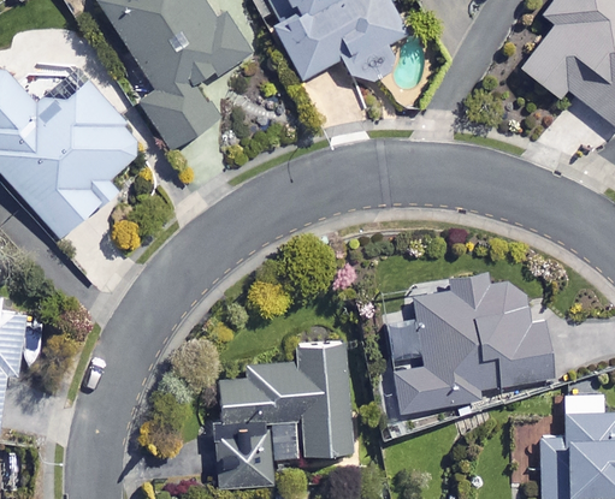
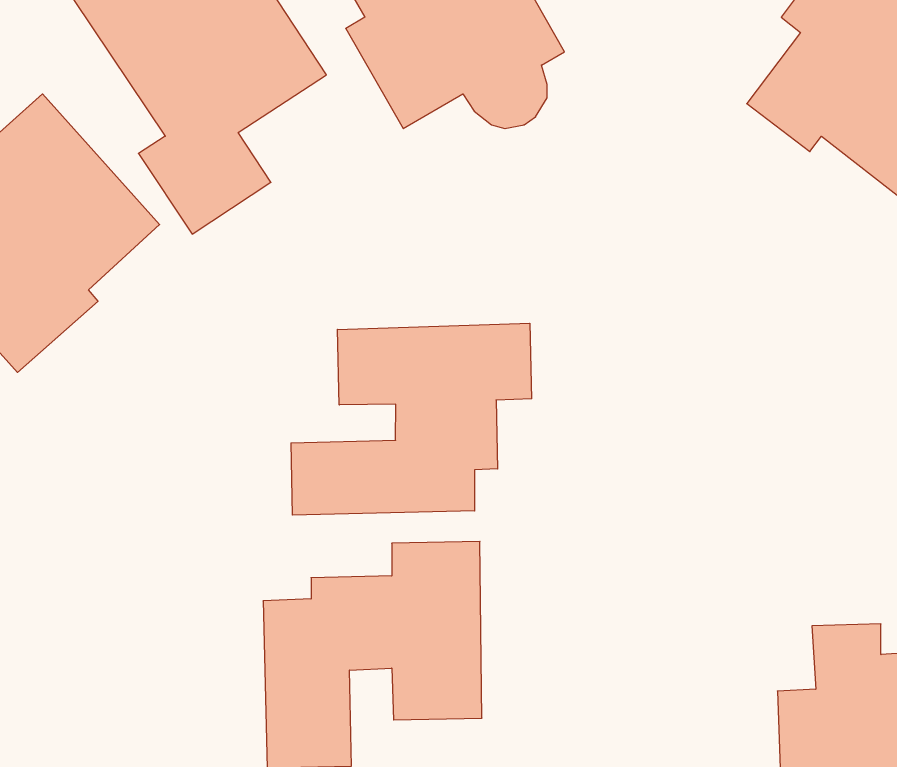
building: none -> [291,323,532,515]
building: [384,271,556,418] -> none

